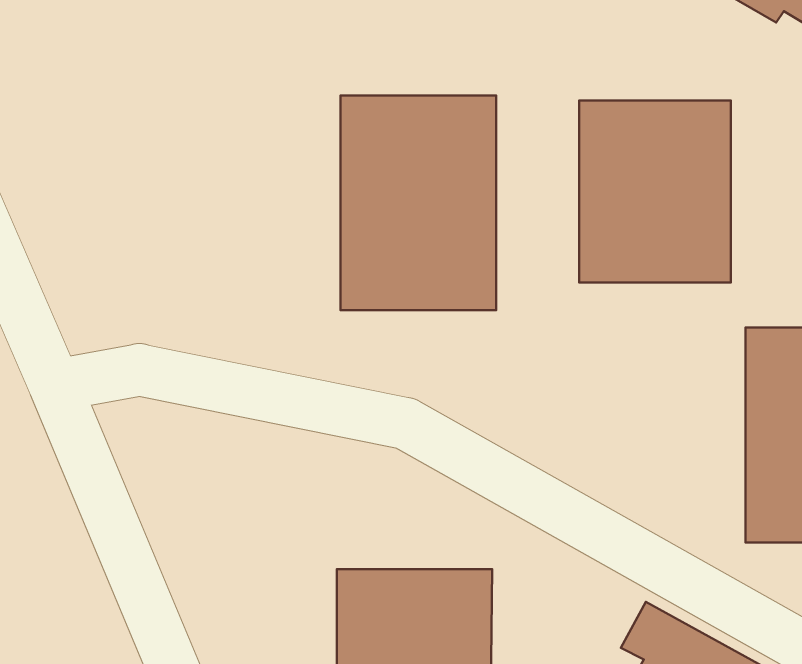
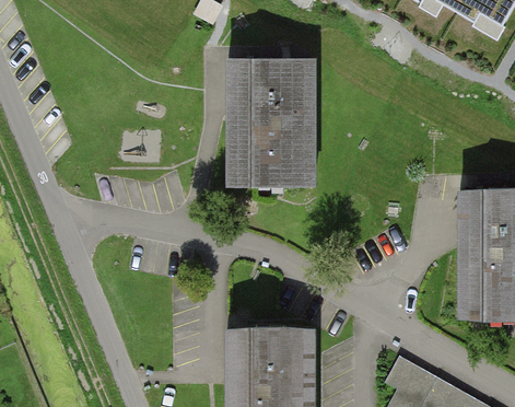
building: [579,100,731,282] -> none

